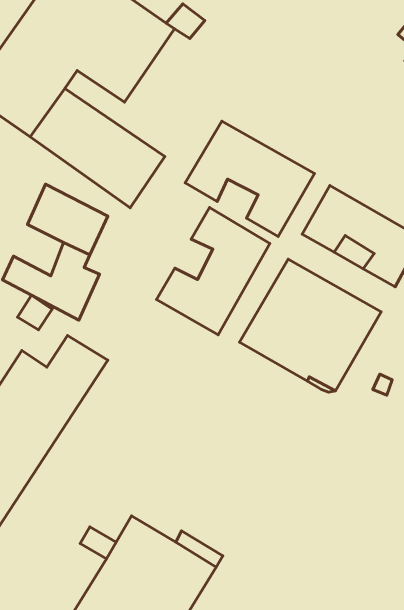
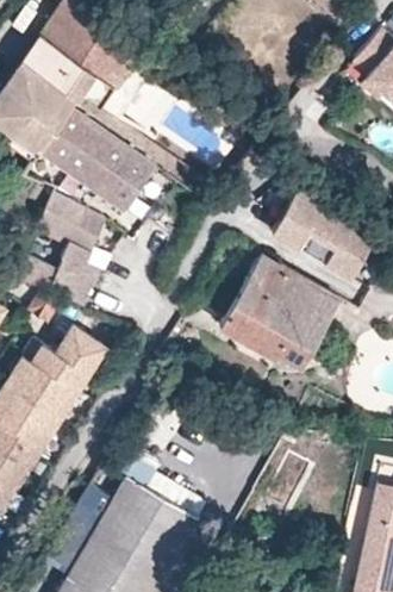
building: [185,121,314,237] -> none
building: [156,208,270,335] -> none

